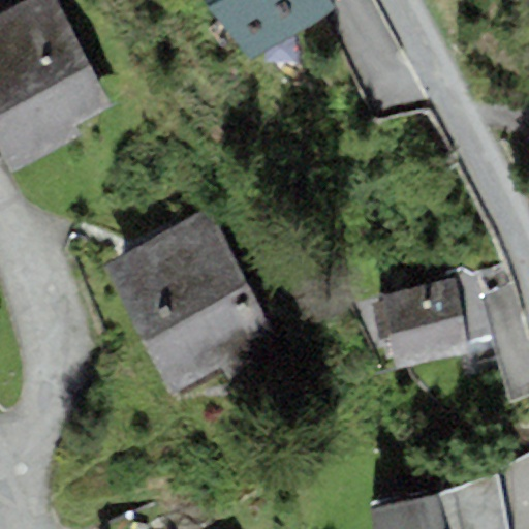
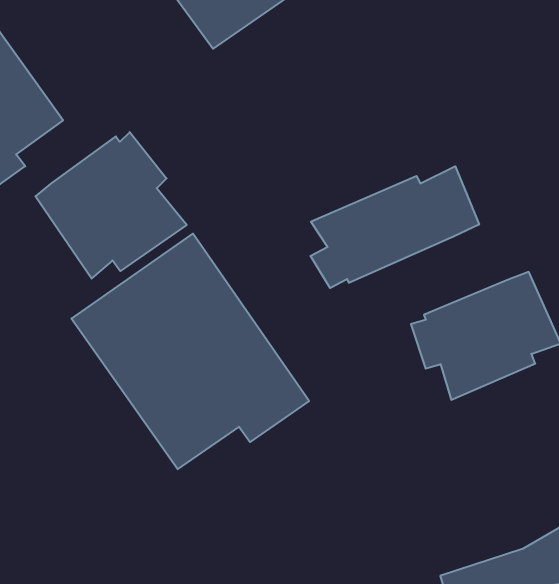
building: none -> [35,132,187,279]
building: none -> [310,166,479,288]

